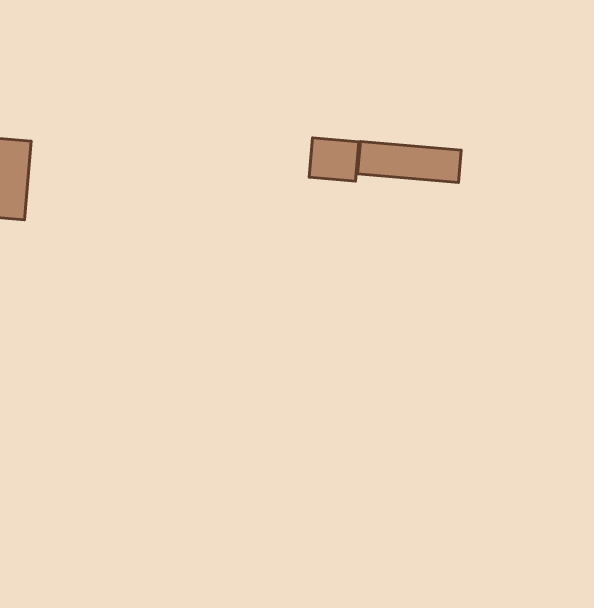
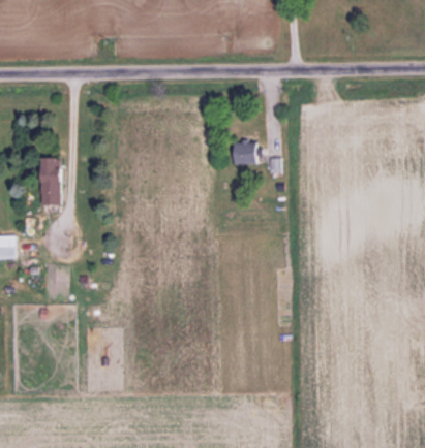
building: [358,141,461,182] -> none

